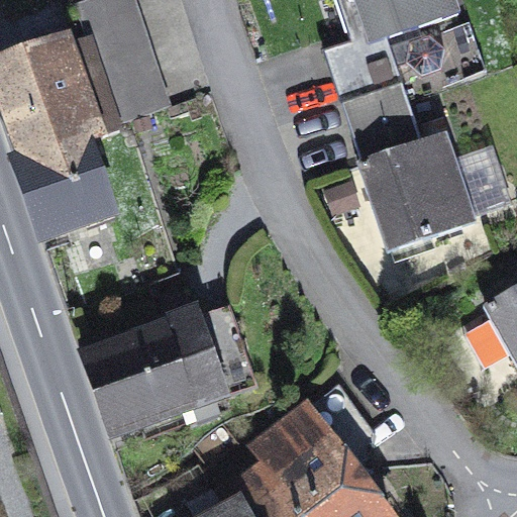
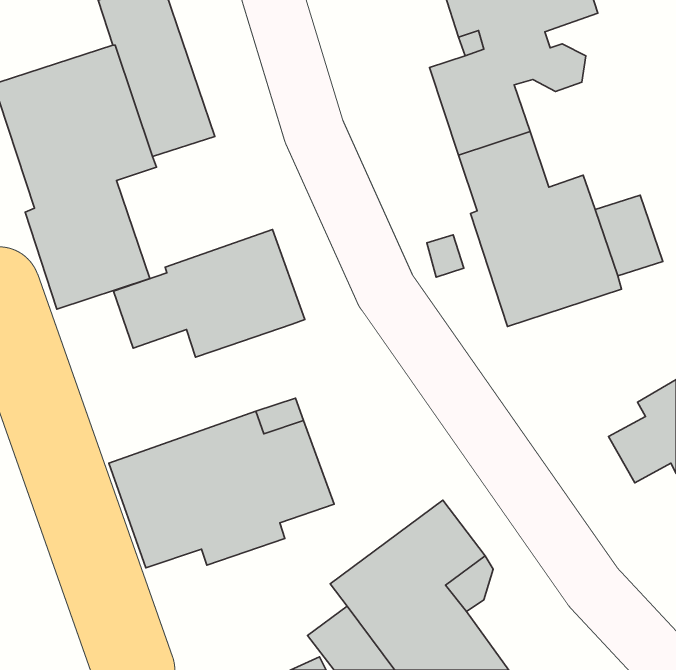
building: none -> [114,229,305,357]

